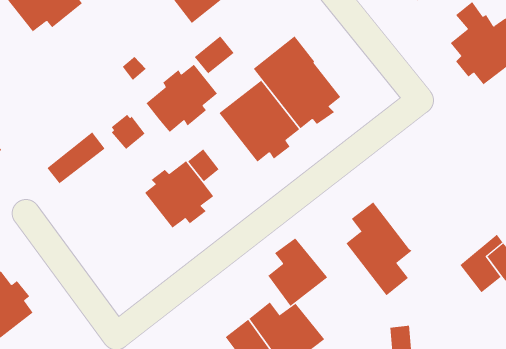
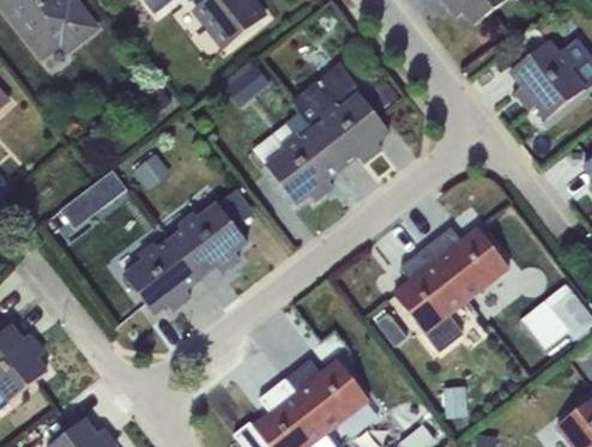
building: [146,64,218,133] -> none
building: none -> [424,228,508,301]
building: none -> [122,238,200,315]
building: [268,237,328,307] -> none

